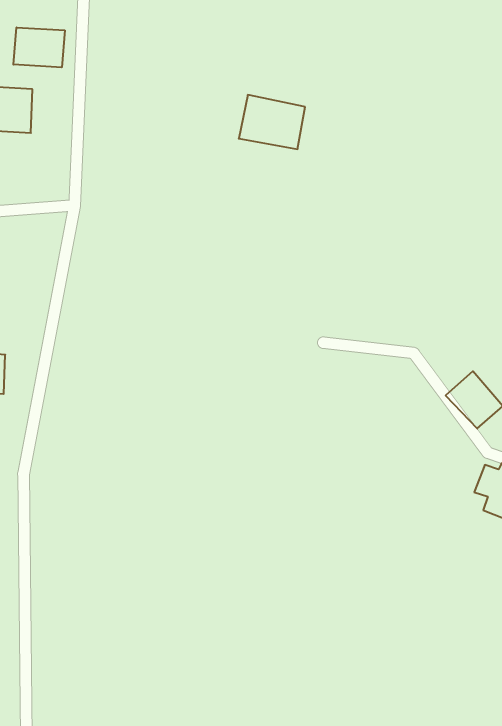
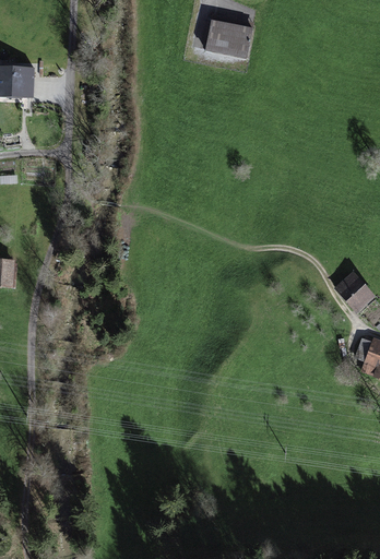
building: [13,27,65,67] -> none
building: [239,95,305,149] -> [205,19,253,58]

